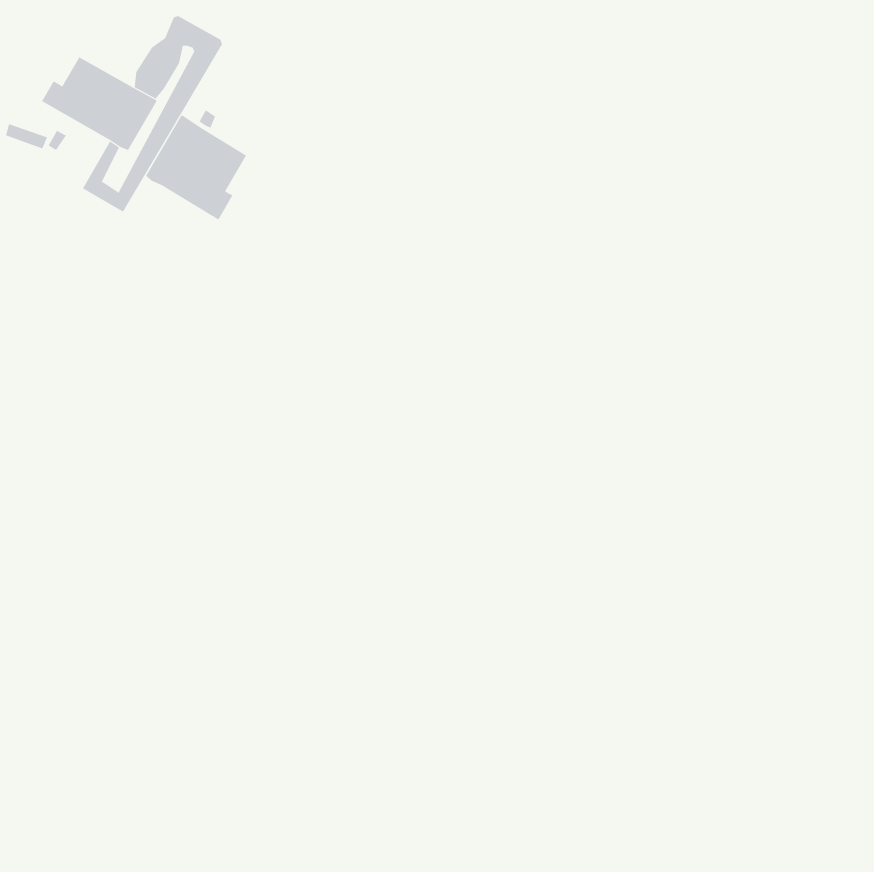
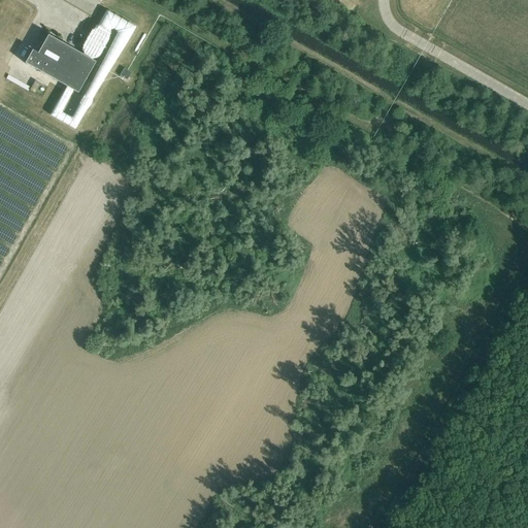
building: [145,115,247,220] -> none

